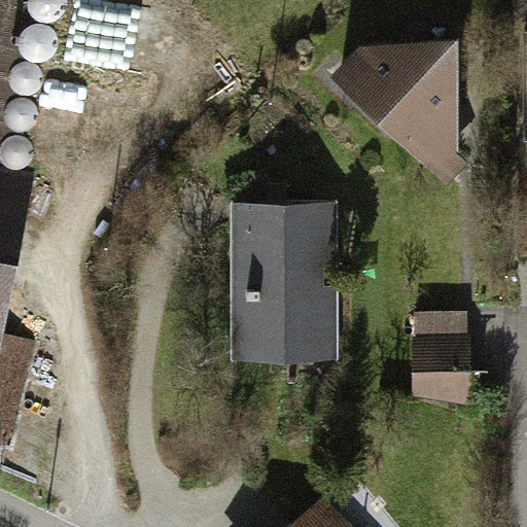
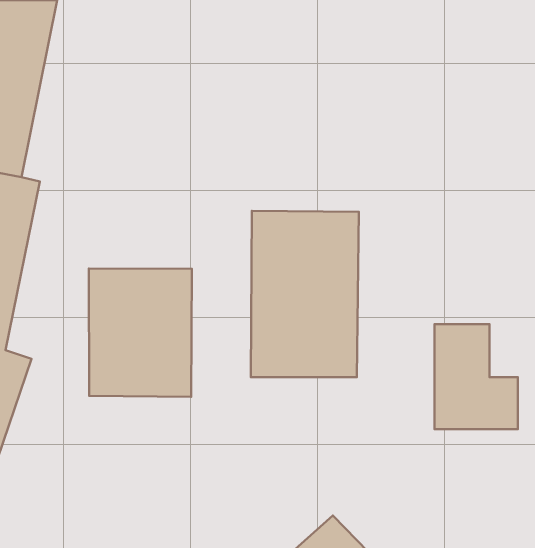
building: [340,29,480,188] -> none
building: none -> [89,268,192,397]

